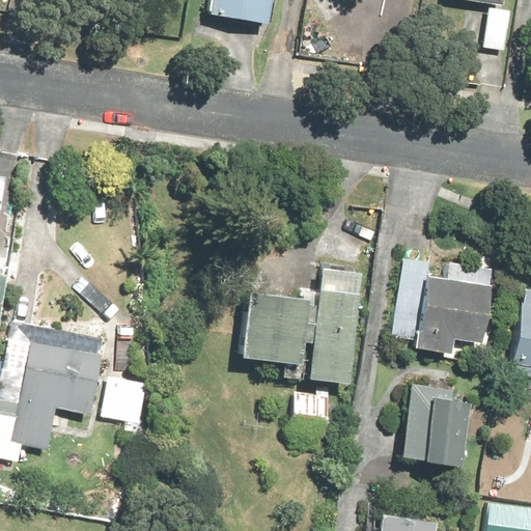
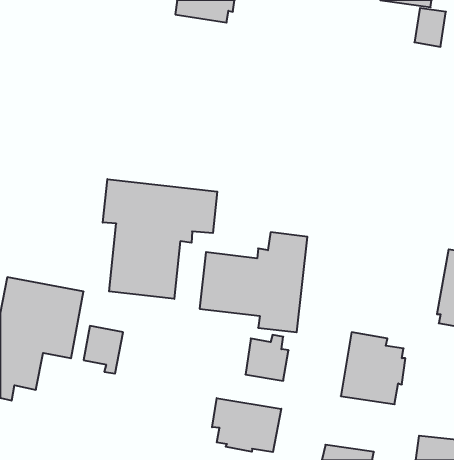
building: none -> [103,179,217,299]
building: [393,257,494,353] -> none
building: none -> [212,398,281,452]

